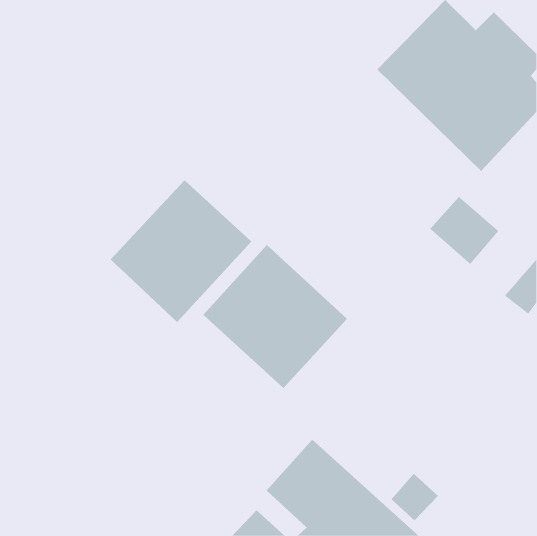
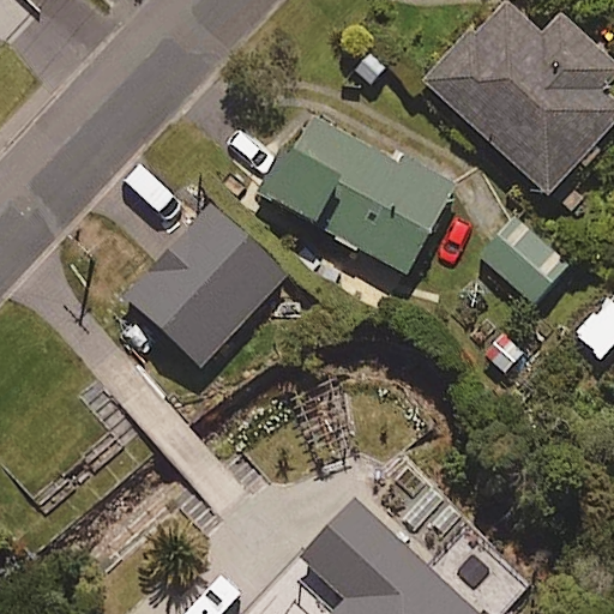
building: none -> [261,112,457,275]
building: [203,244,348,389] -> none

